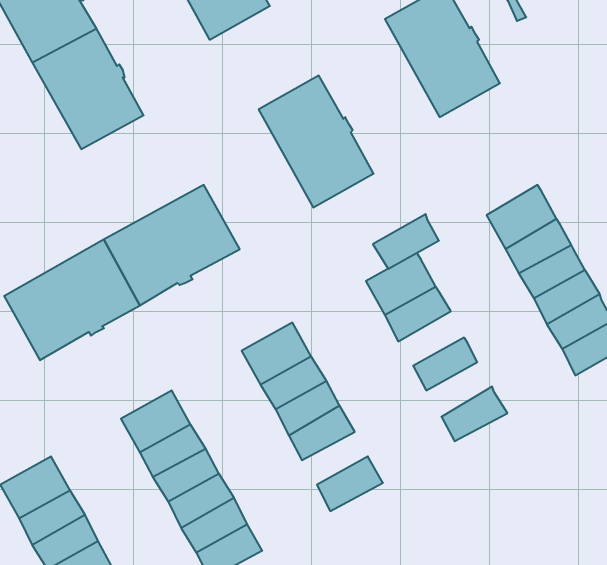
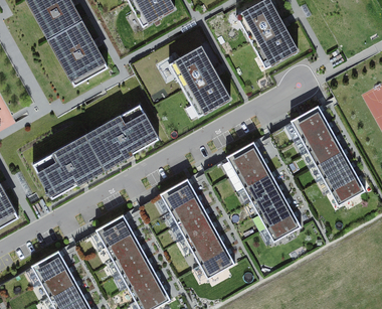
building: [373,214,439,269] -> [242,171,277,200]
building: none -> [257,198,293,227]
building: none -> [191,236,226,264]

